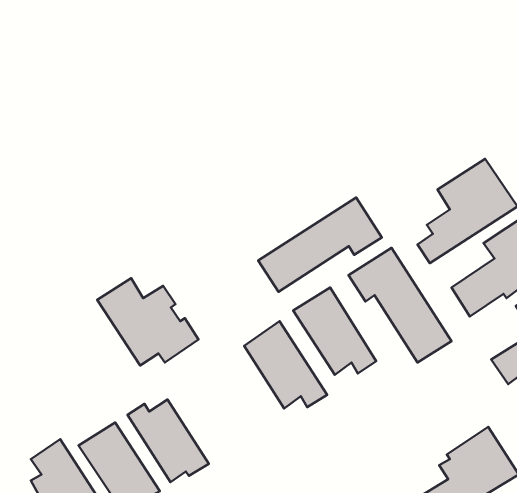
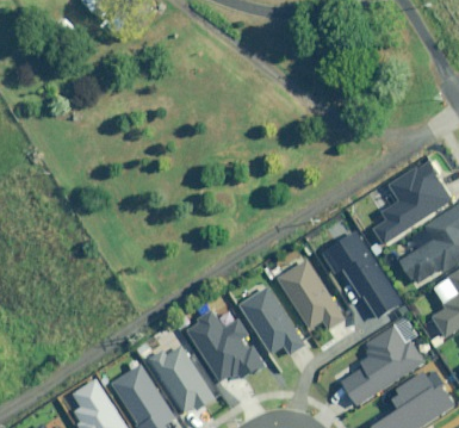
building: [258,197,382,292] -> none
building: [97,278,199,366] -> [186,314,265,382]
building: none -> [340,327,423,405]

